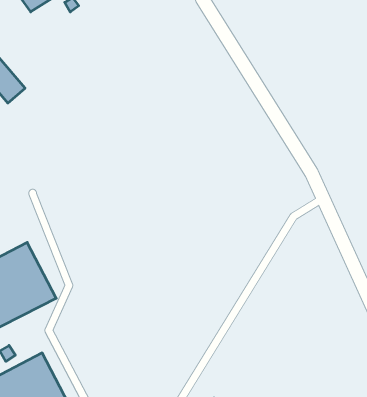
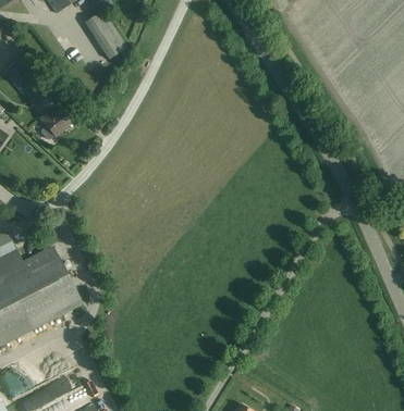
building: none -> [83,11,125,60]
building: none -> [38,107,73,138]

